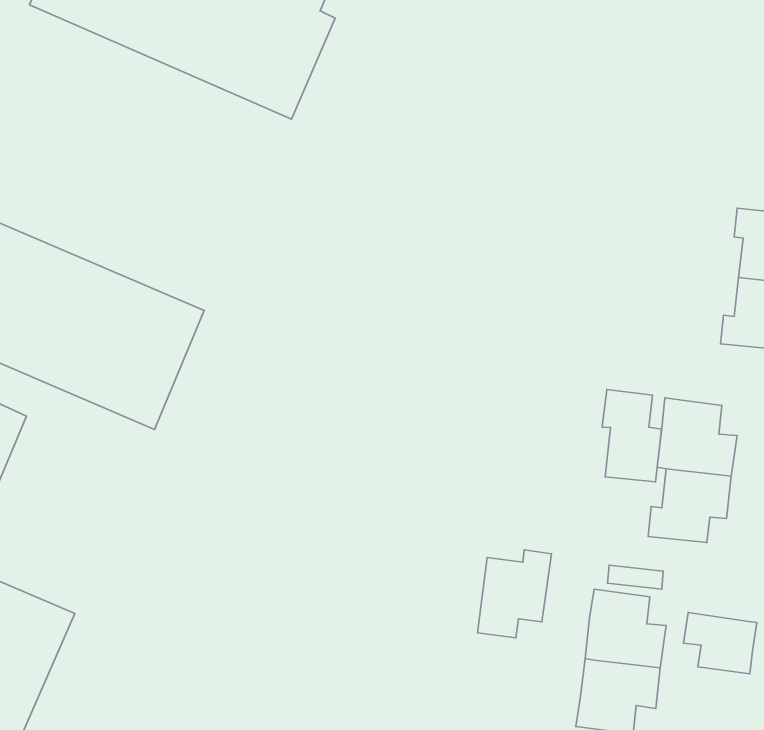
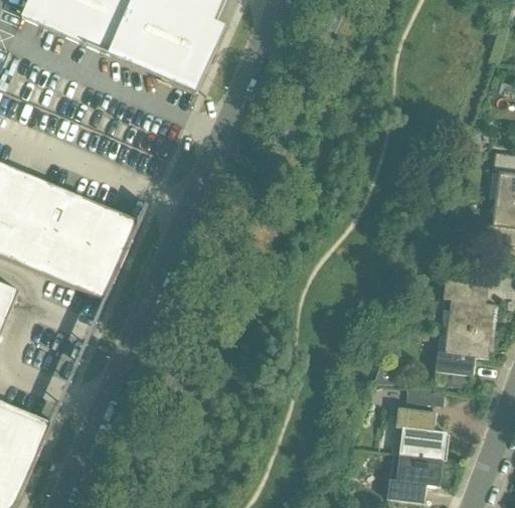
building: [602,389,662,482] -> none
building: [477,550,551,638] -> none
building: [683,613,757,674] -> none

